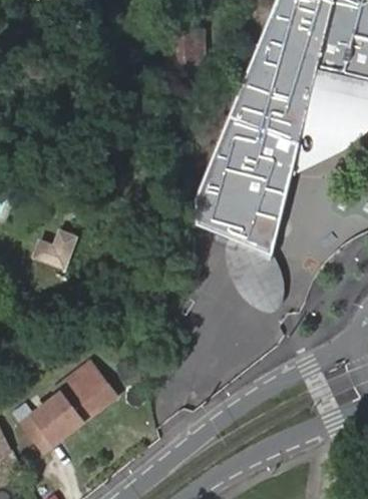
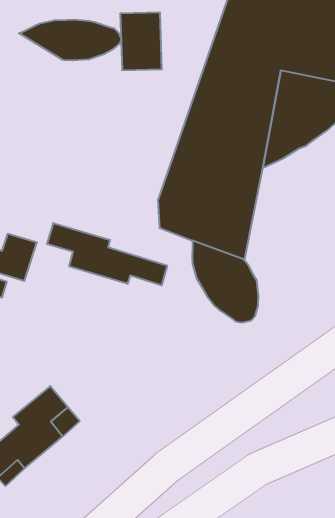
building: none -> [19,20,121,61]
building: none -> [47,223,167,285]

